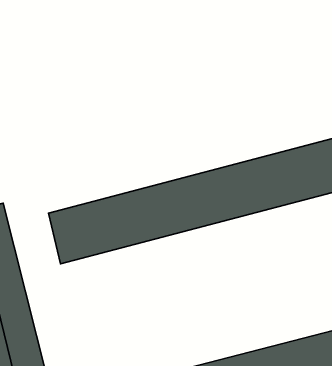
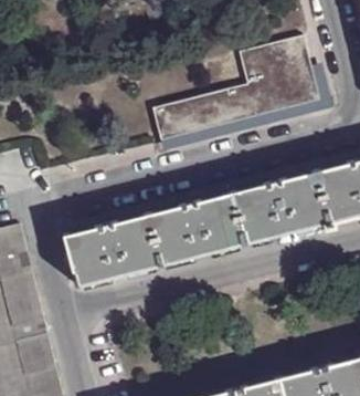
building: none -> [153,38,321,143]

